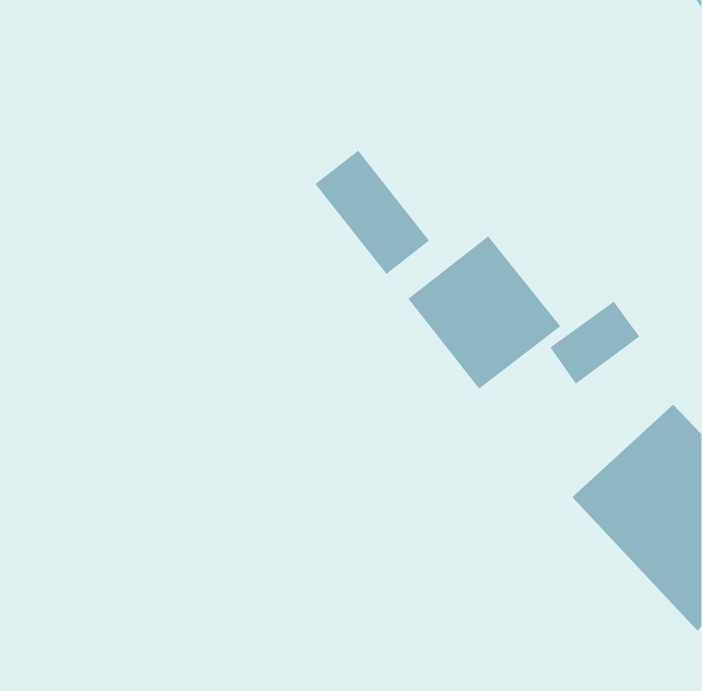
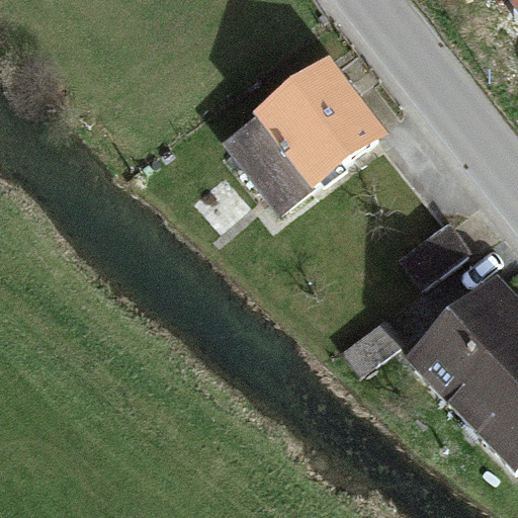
building: [407,236,561,389] -> [264,64,377,177]

